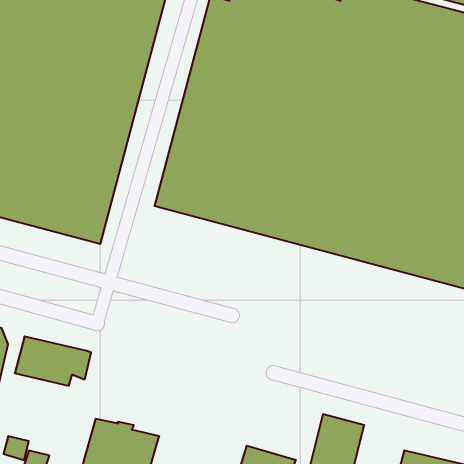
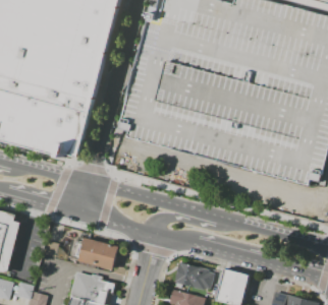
building: [15,336,91,386] -> [79,239,128,270]
building: none -> [175,262,215,291]

